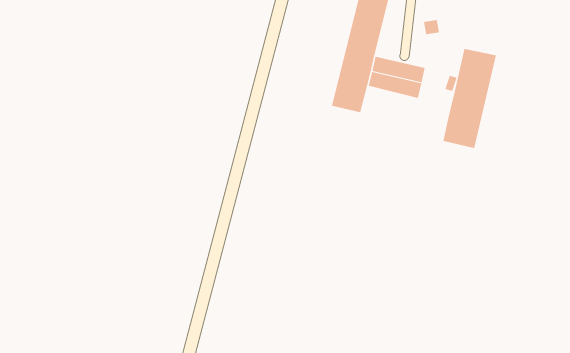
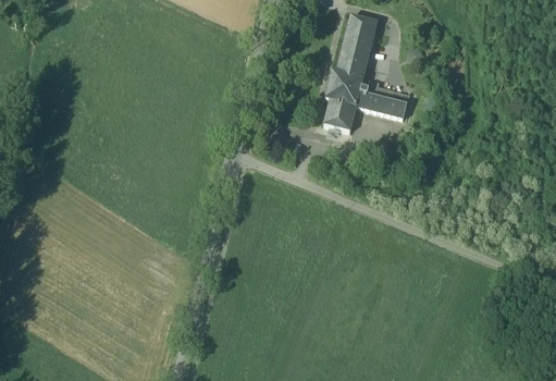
building: [443,48,496,149] -> none

